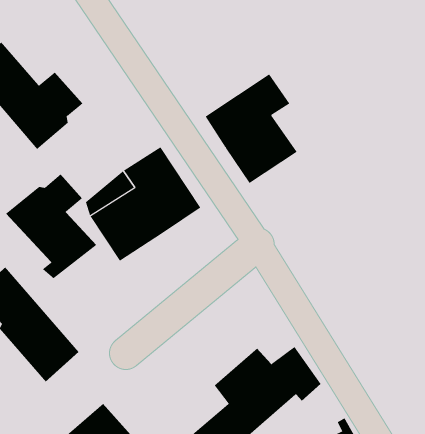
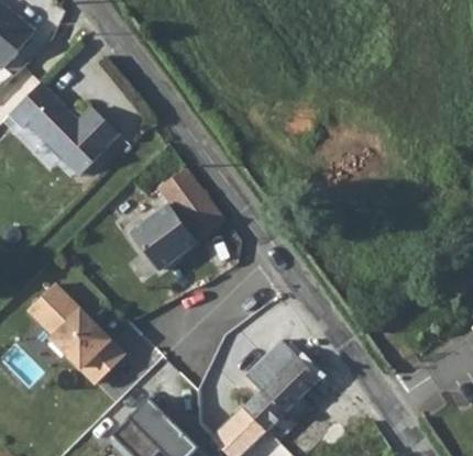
building: [205,73,297,184] -> none
building: [5,174,97,279] -> none

